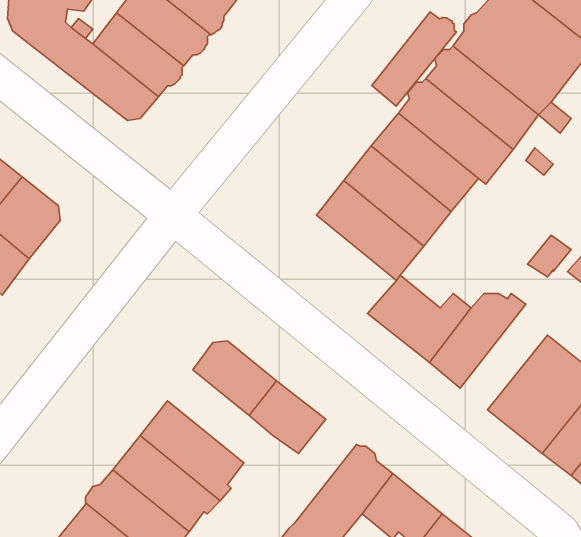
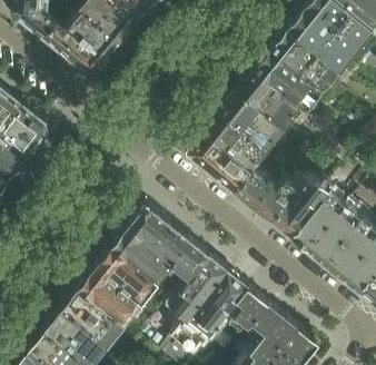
building: [372,12,456,106] -> none
building: none -> [190,132,253,193]
building: none -> [291,187,345,251]
building: none -> [112,227,177,284]
building: none -> [168,257,228,324]

